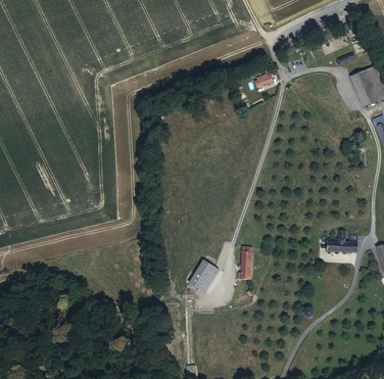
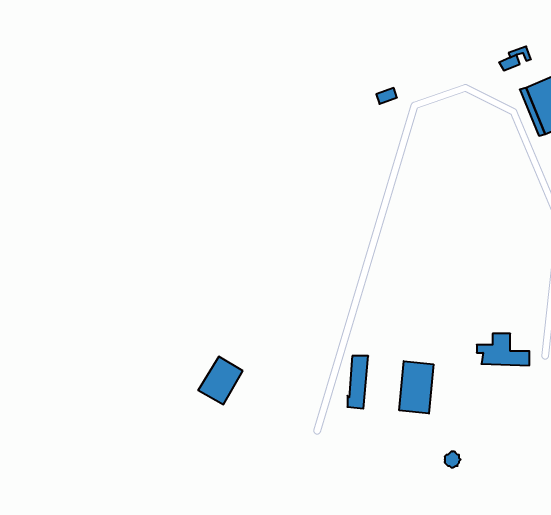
building: none -> [399,361,433,414]
building: [191,262,220,292] -> [198,357,243,404]

